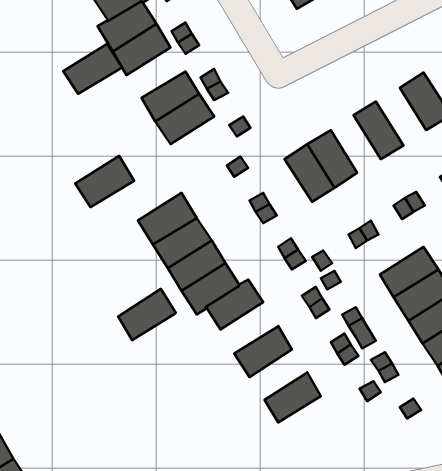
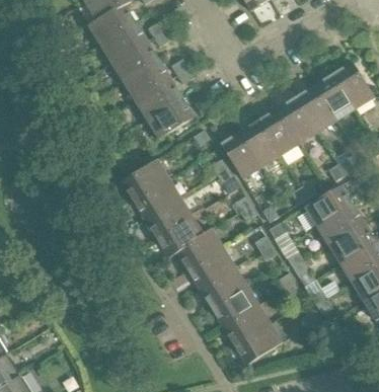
building: [63,44,122,94] -> [112,42,160,82]
building: none -> [314,74,355,121]
building: none -> [278,96,318,143]
building: [75,156,134,207] -> [148,97,196,139]
building: none -> [220,132,262,179]
building: none -> [305,184,353,225]
building: [118,289,176,340] -> [188,247,235,289]
building: none -> [212,286,258,326]
building: none -> [235,323,282,364]

